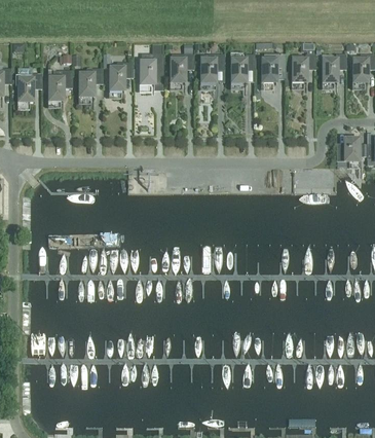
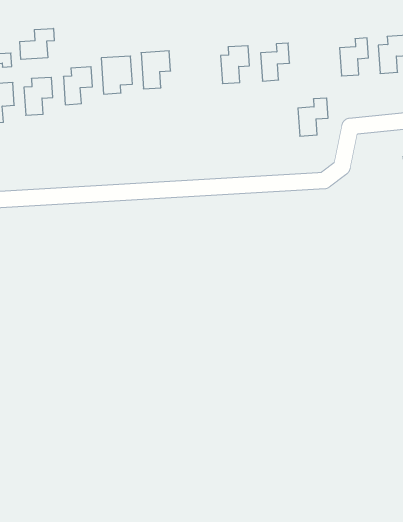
building: none -> [20,28,54,59]
building: [201,53,223,81] -> none
building: [292,53,314,81] -> [298,98,328,136]
building: [335,139,358,160] -> none

